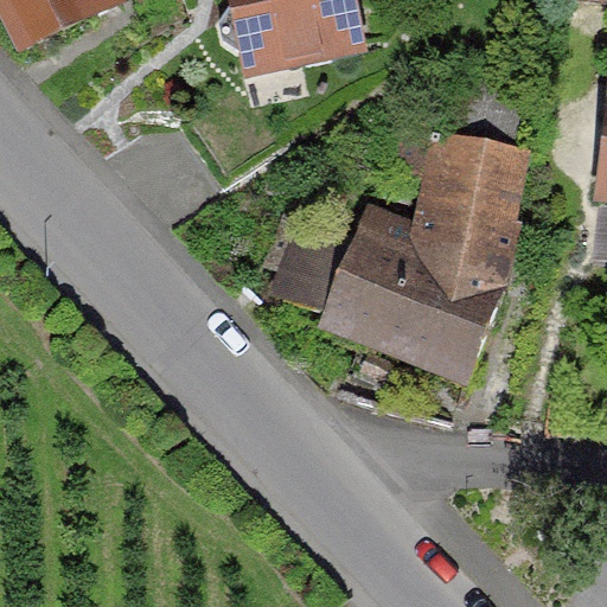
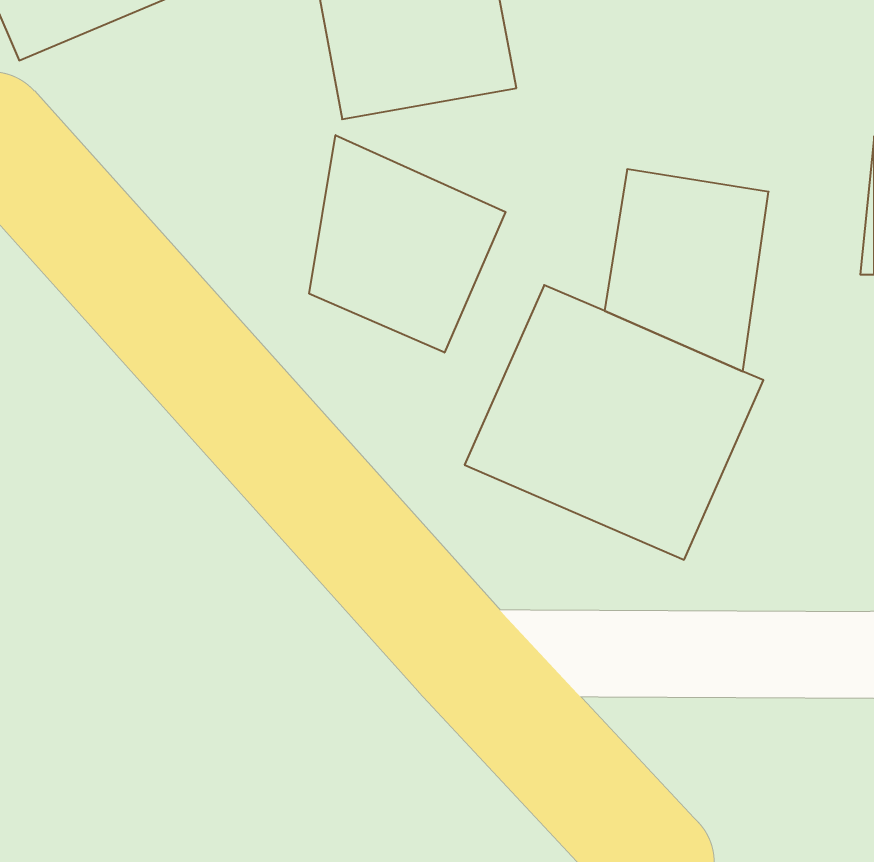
building: none -> [309,135,506,353]

